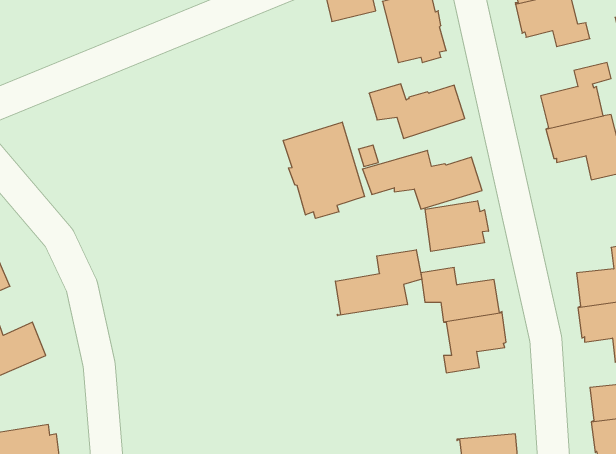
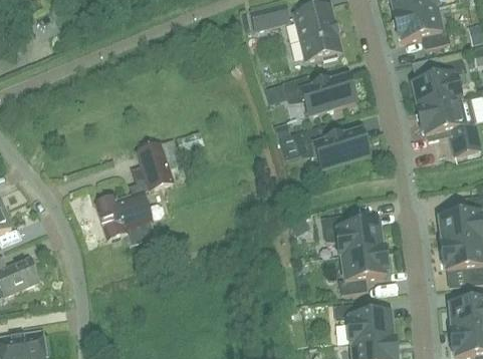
building: [283,122,365,218] -> none
building: none -> [94,138,185,245]
building: [425,201,488,251] -> none
building: [335,250,422,316] -> none
building: none -> [333,304,393,344]

